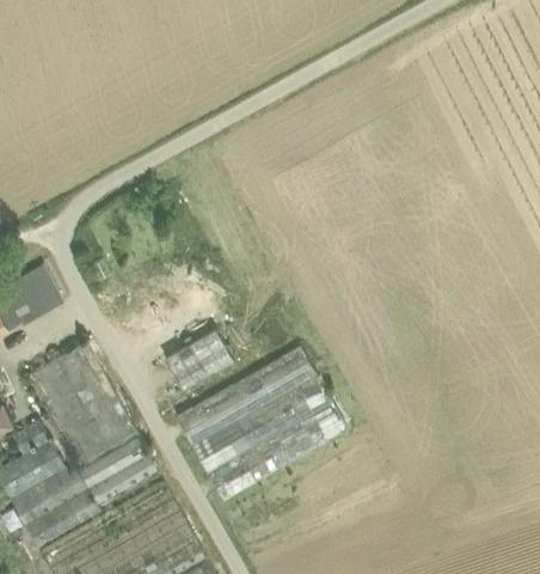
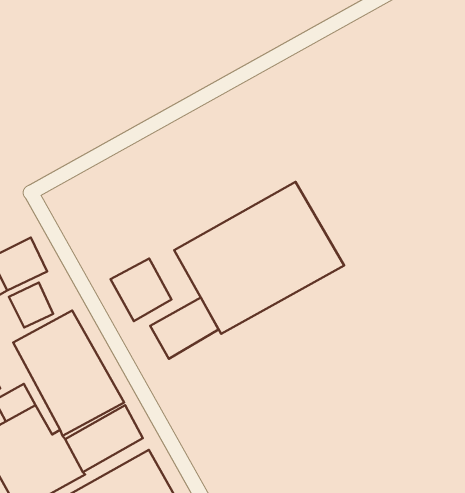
building: none -> [110,258,171,321]
building: none -> [9,283,53,328]
building: [177,348,349,502] -> [174,182,344,334]

